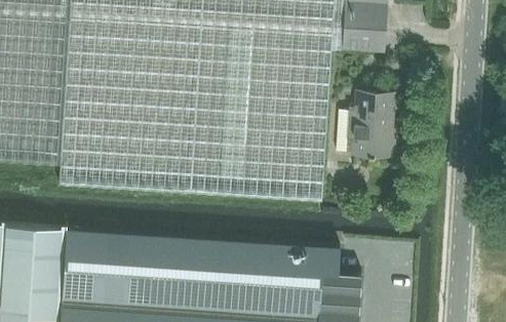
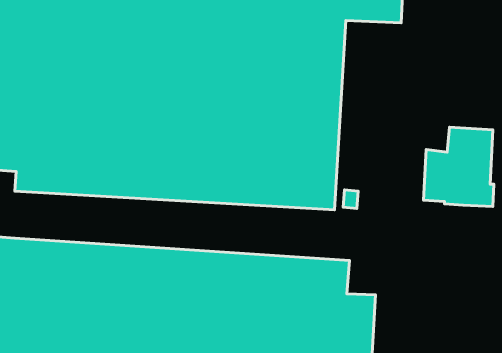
building: [334,88,392,154] -> [424,127,494,206]

